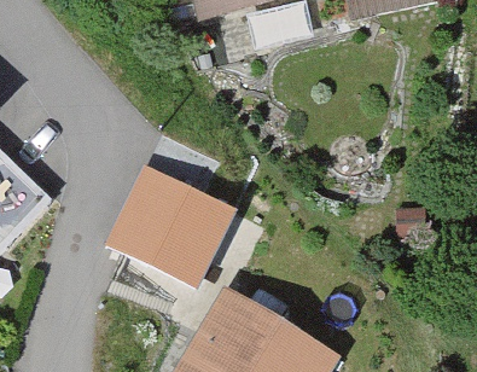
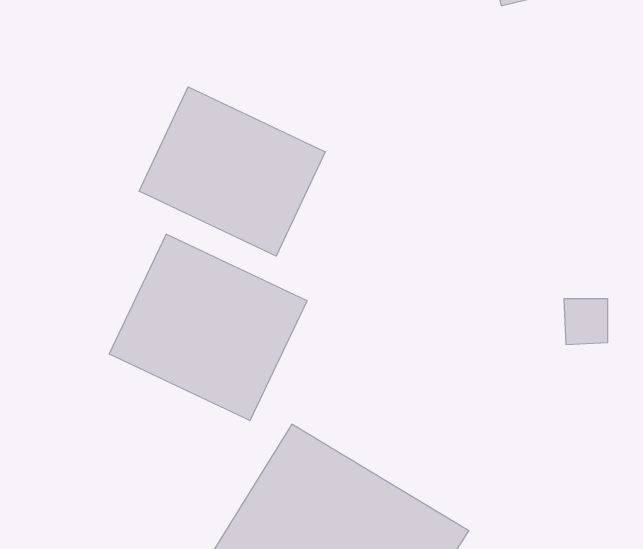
building: none -> [139,87,325,256]

